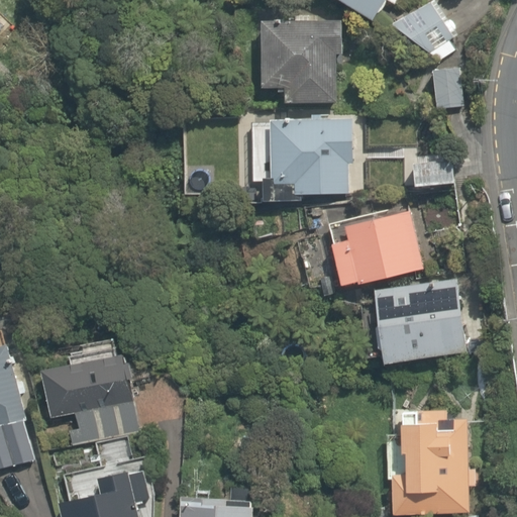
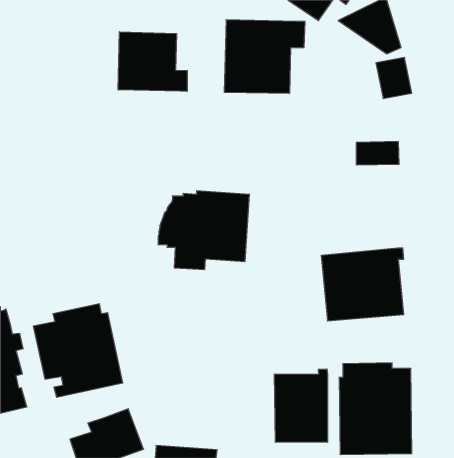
building: none -> [118,32,187,91]
building: [248,114,351,203] -> [158,191,250,270]
building: [325,212,421,286] -> none
building: none -> [274,369,328,442]

